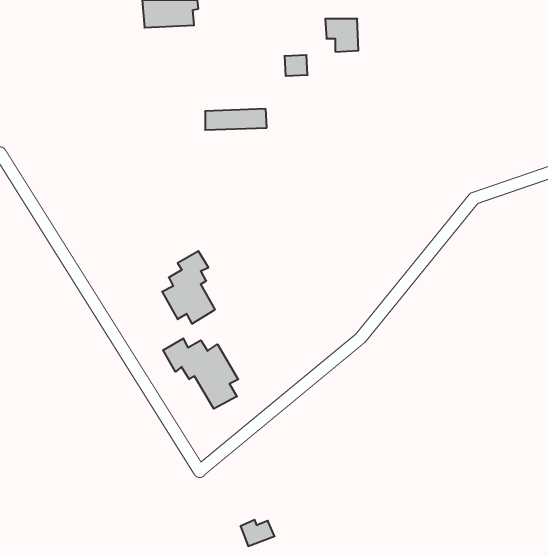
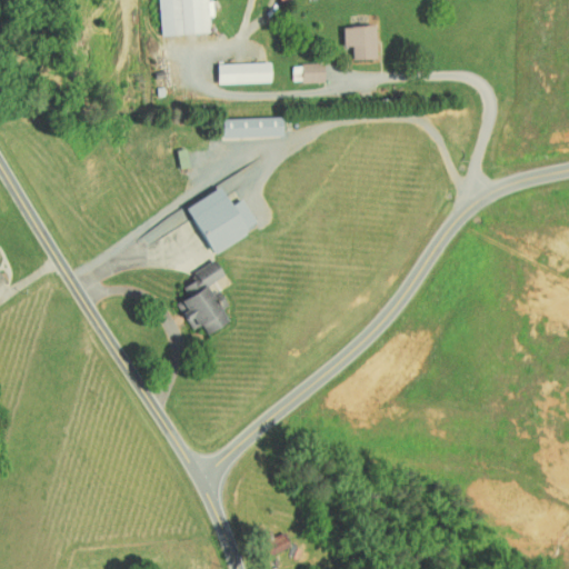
building: none -> [218,62,272,83]
building: none -> [187,188,256,254]
building: [163,338,238,409] -> none

